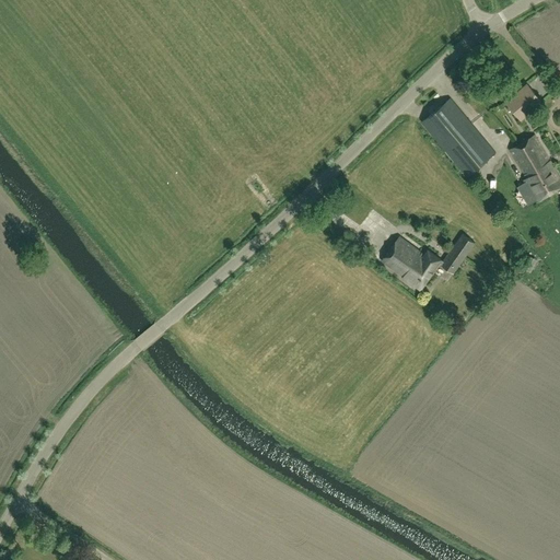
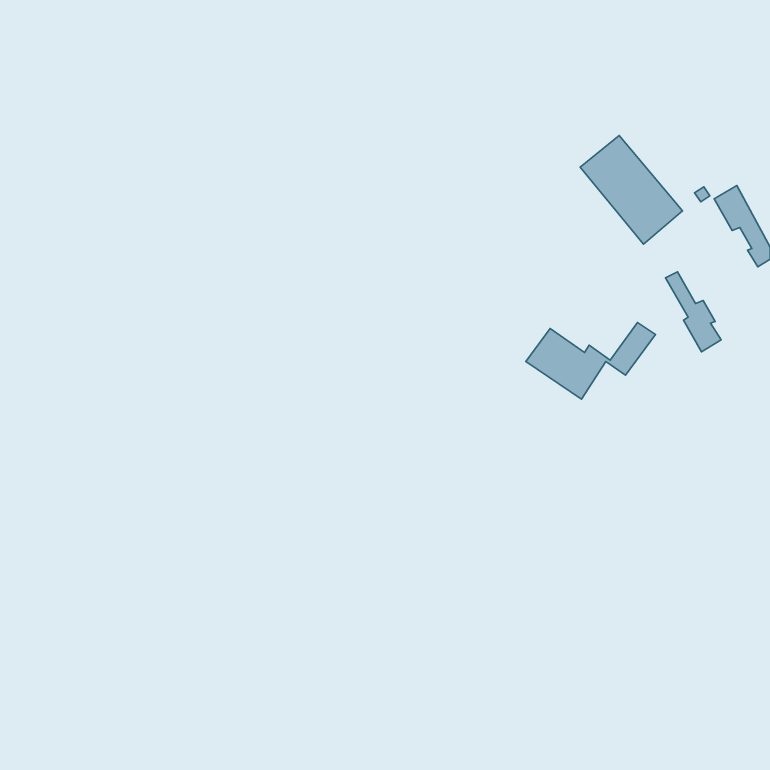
building: [506,84,541,119] -> none
building: [510,144,550,202] -> [665,272,721,352]

